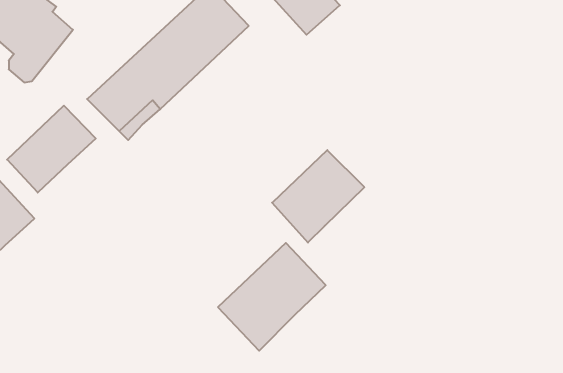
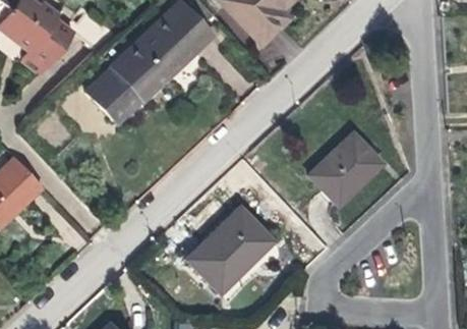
building: [7,106,96,193] -> none
building: [272,150,364,243] -> [310,131,384,205]

